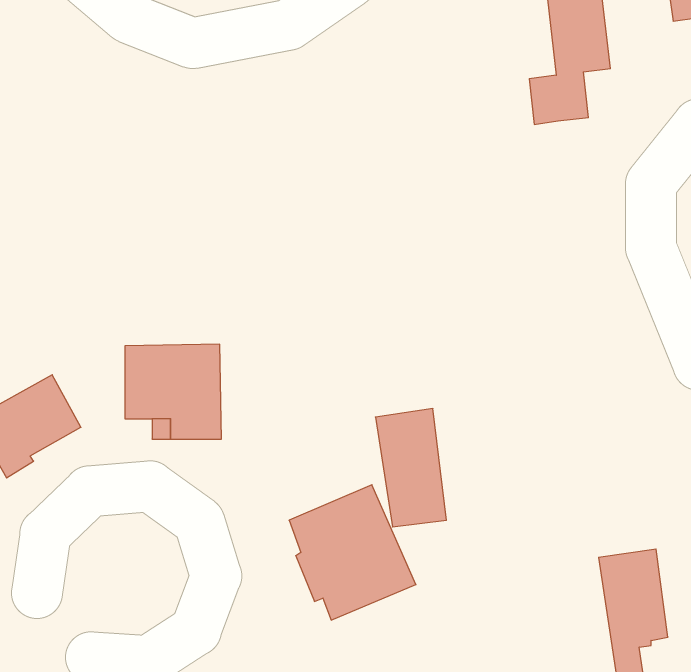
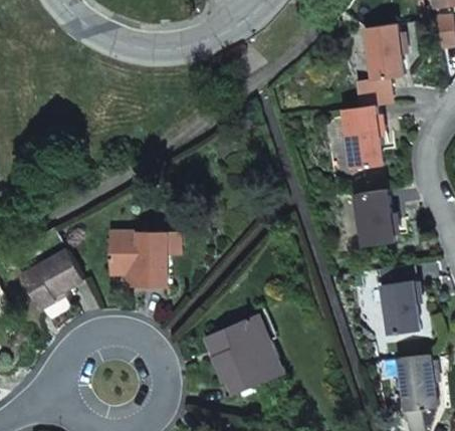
building: none -> [338,100,379,164]
building: none -> [353,185,393,242]
building: [375,409,446,527] -> [376,262,418,333]

